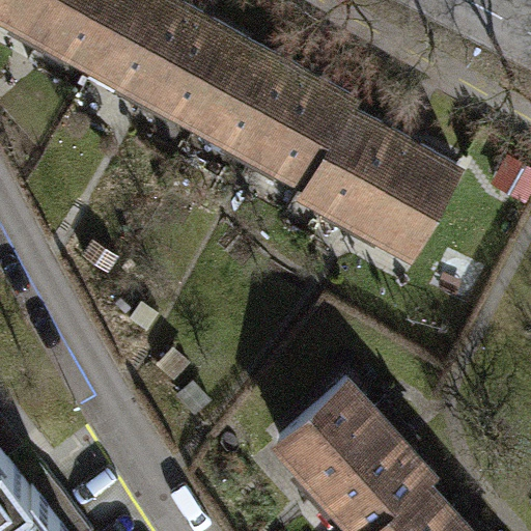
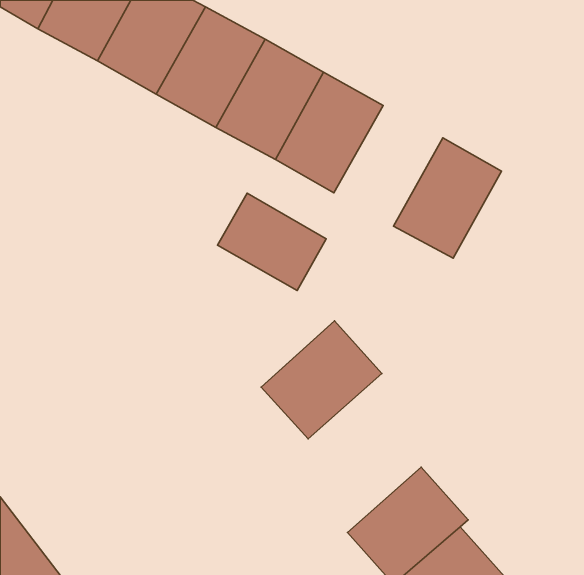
building: [304,106,402,215] -> none
building: none -> [217,193,326,290]
building: [274,385,383,492] -> [261,321,382,439]

